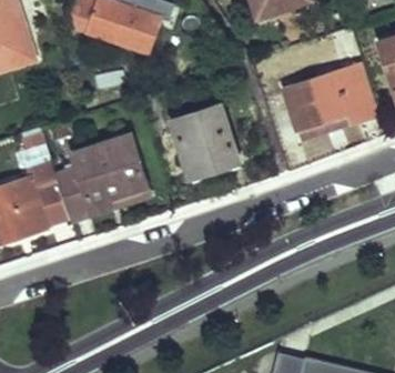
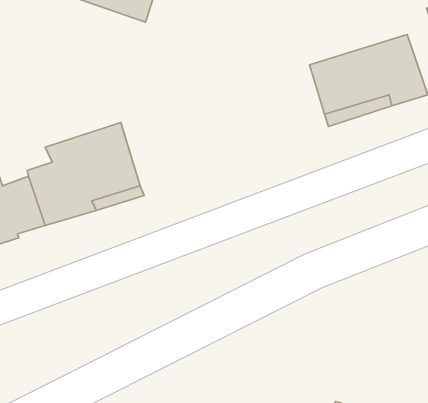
building: [171,102,234,174] -> none

